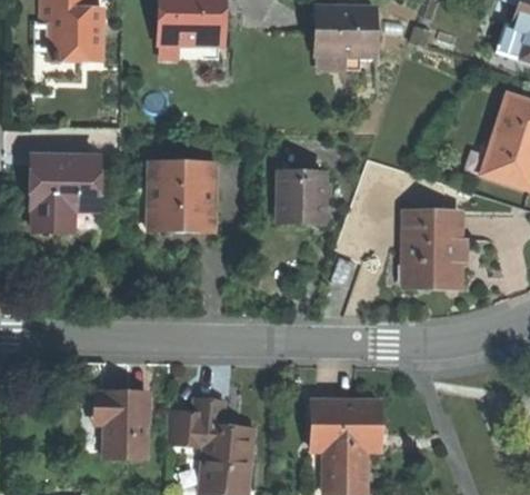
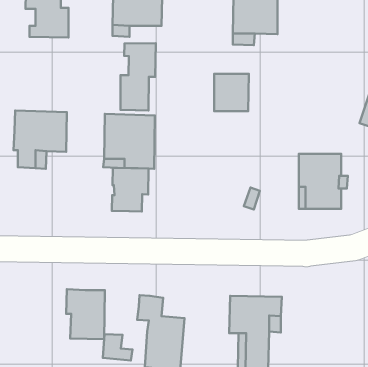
building: none -> [120,43,156,110]
building: [280,174,326,222] -> [214,74,249,111]
building: none -> [112,168,148,211]
building: [168,412,207,446] -> [103,334,133,360]

